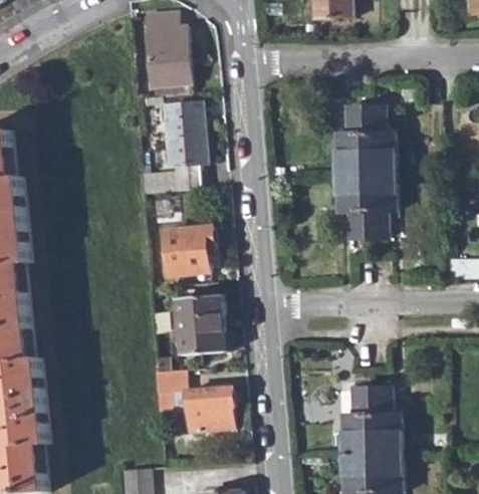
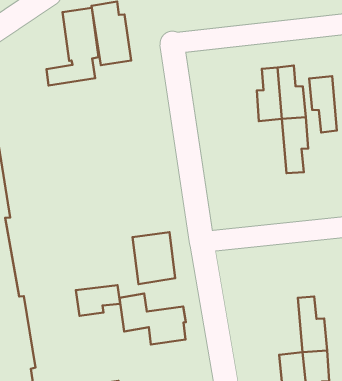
building: [139,103,203,194] -> [46,8,99,85]
building: [336,168,366,235] -> [309,76,337,132]
building: [165,226,210,276] -> none
building: none -> [76,285,120,316]
building: [340,386,370,453] -> none

